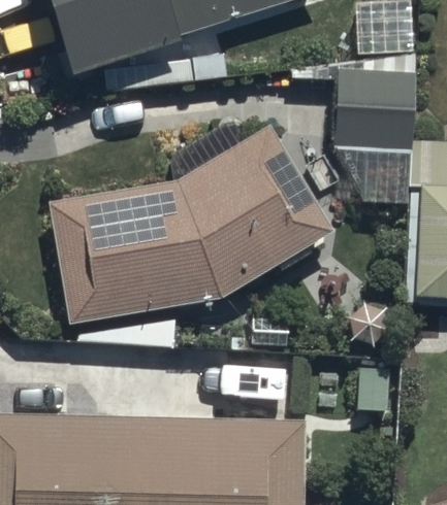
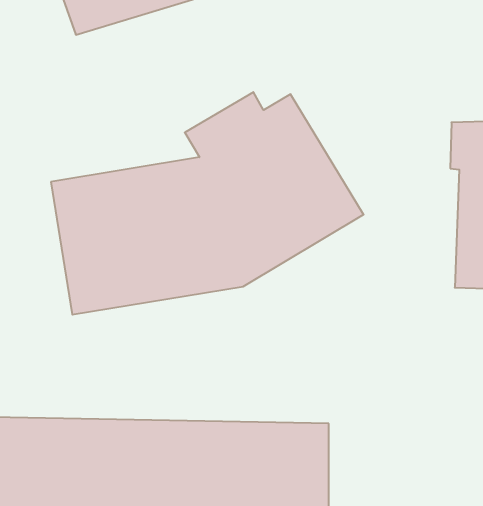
building: [333,71,416,206] -> none

